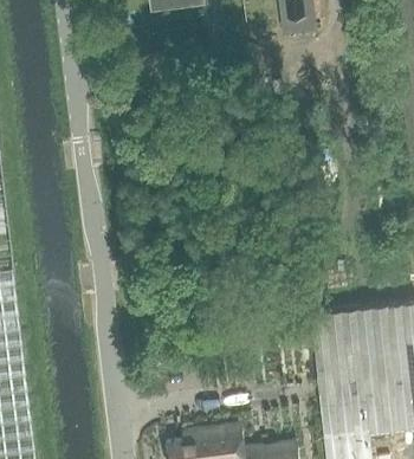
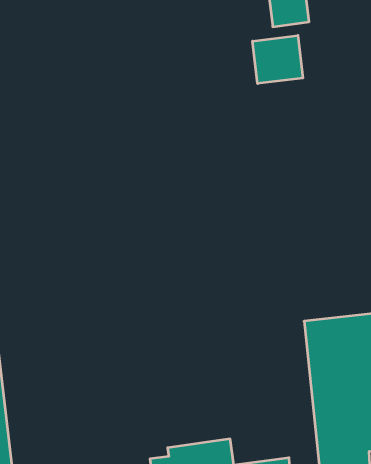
building: none -> [253,35,303,84]

